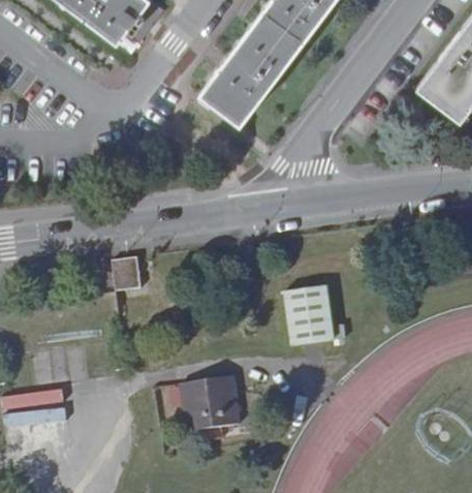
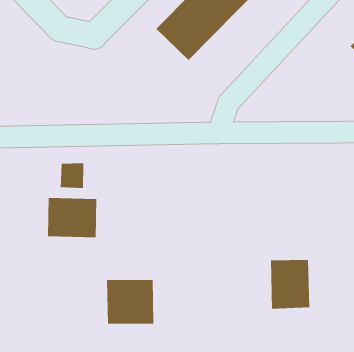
building: [284,285,336,346] -> [270,260,310,309]
building: none -> [47,197,97,238]

